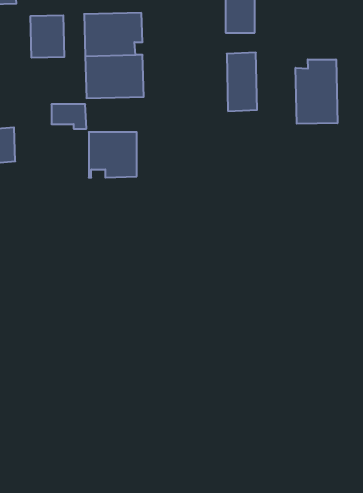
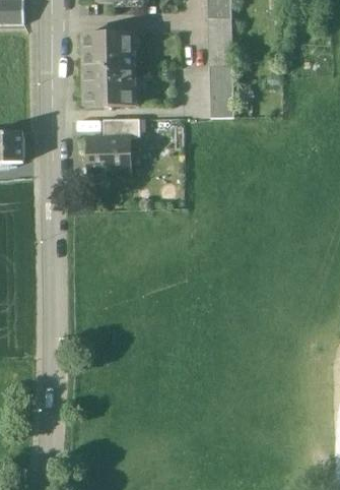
building: [31,15,64,58] -> none
building: [296,59,337,124] -> none
building: [51,104,86,129] -> [110,117,140,138]

